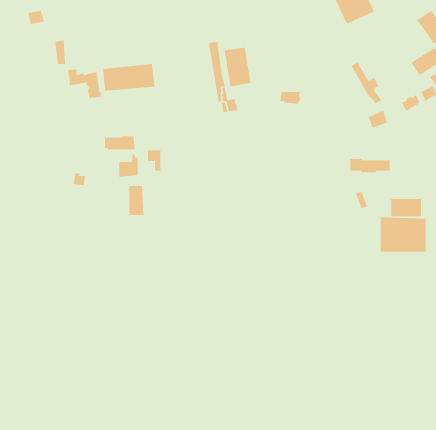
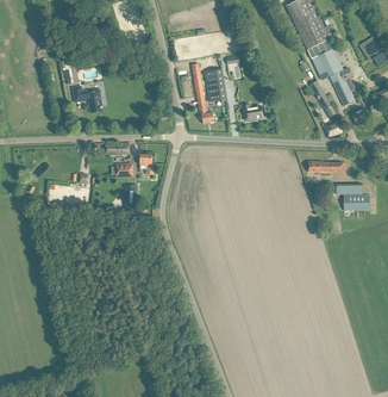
building: none -> [306,38,355,104]
building: [103,63,155,92] -> none
building: [380,217,426,252] -> none

